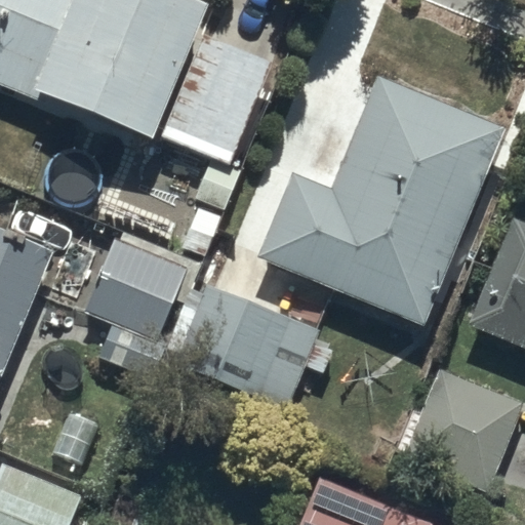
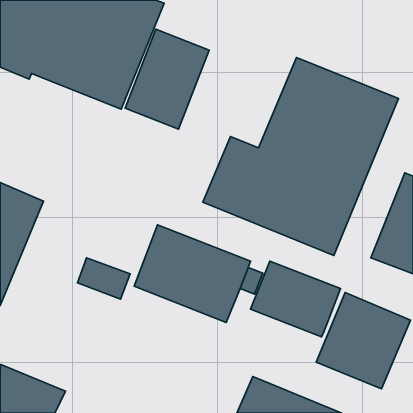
building: [87,238,190,340] -> none
building: none -> [251,261,340,337]

